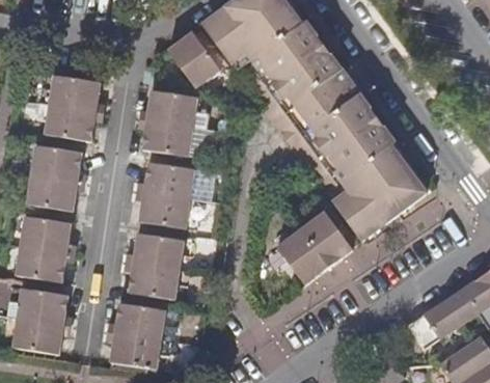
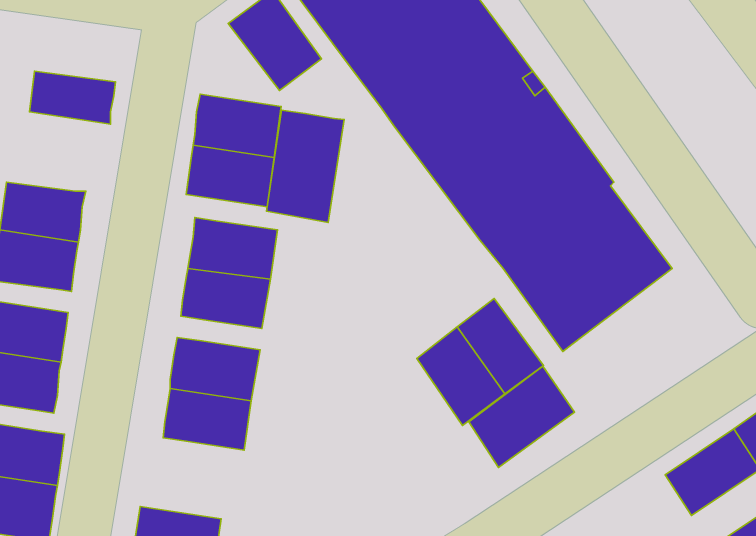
building: none -> [266,110,344,223]
building: [44,101,97,137] -> none
building: none -> [469,366,575,468]
building: [114,303,167,340] -> none

